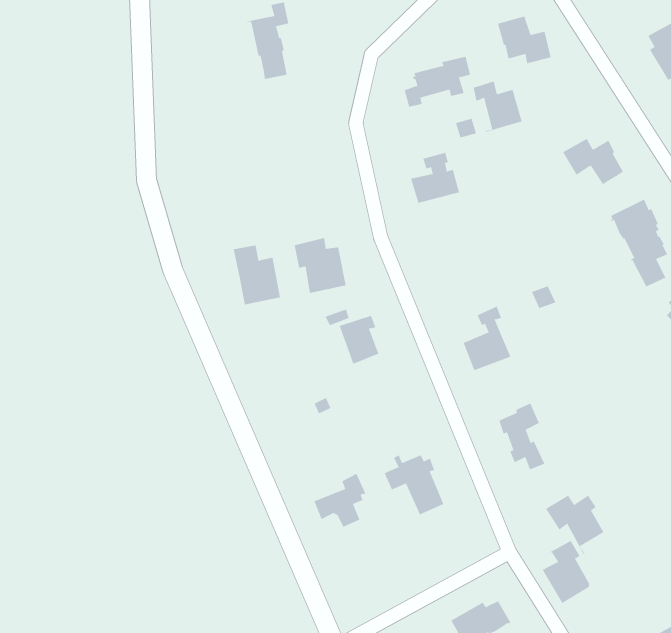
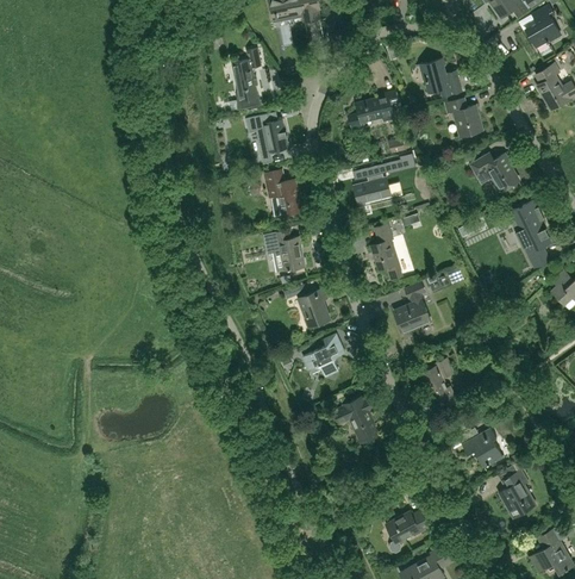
building: [473,80,522,132] -> [445,98,483,138]
building: none -> [256,112,288,152]
building: none -> [370,224,402,280]
building: [233,245,281,305] -> [264,170,301,217]
building: [313,473,366,528] -> [302,335,343,376]
building: [542,540,590,604] -> [498,469,535,518]

